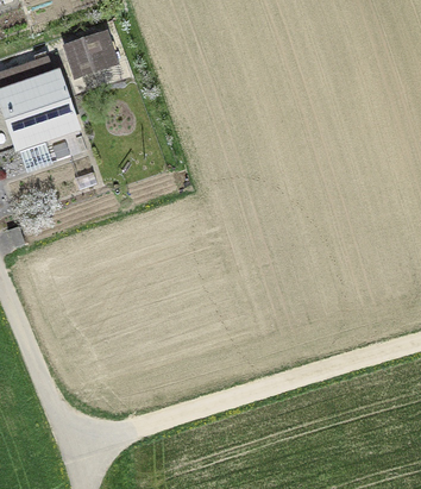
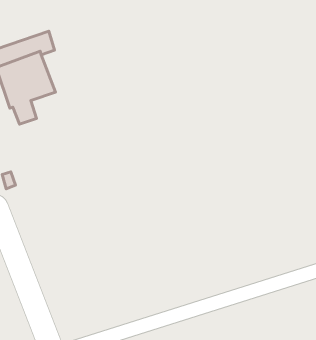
building: [68,36,118,77] -> none

